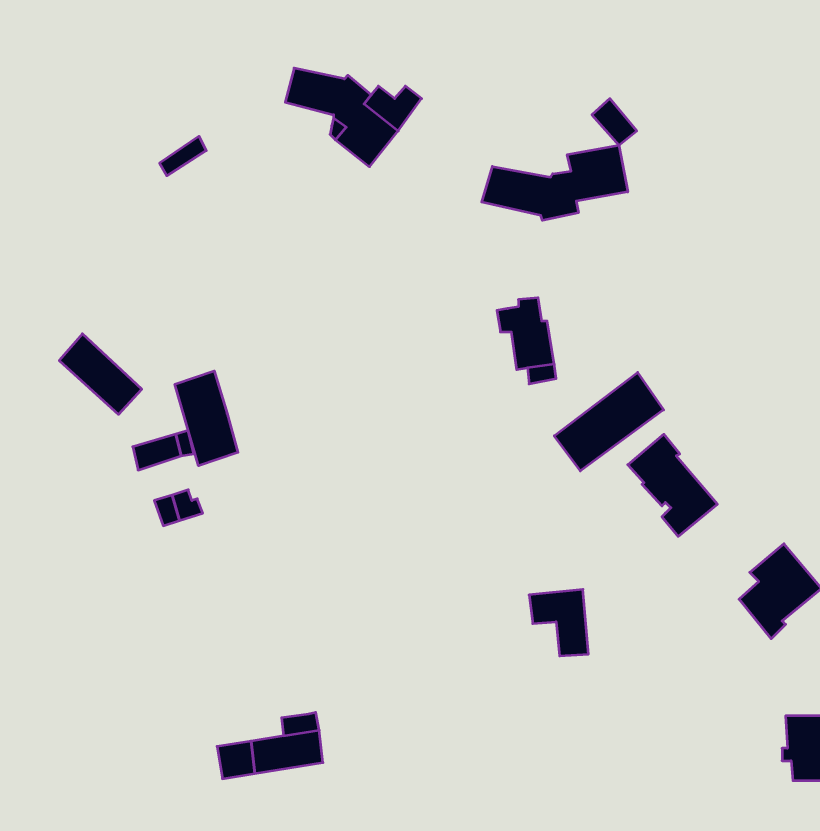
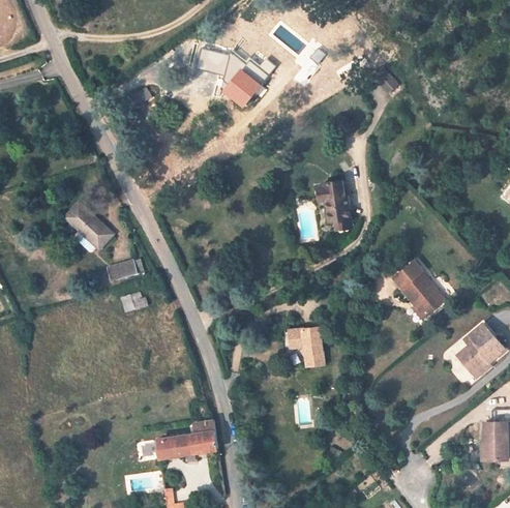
building: [482,145,628,220] -> none
building: [175,371,238,466] -> none
building: [554,372,664,471] -> none
building: [529,589,588,656] -> [288,327,322,365]

